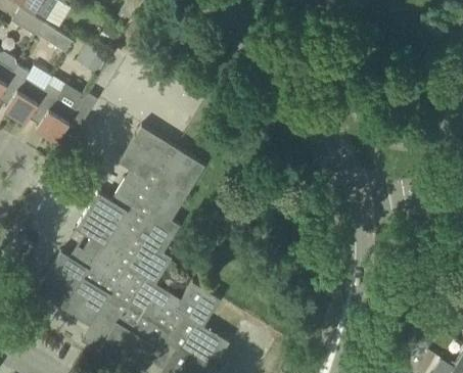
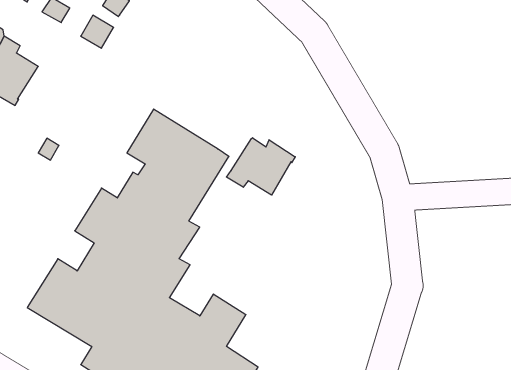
building: [28,84,85,142] -> none
building: none -> [226,138,295,195]

